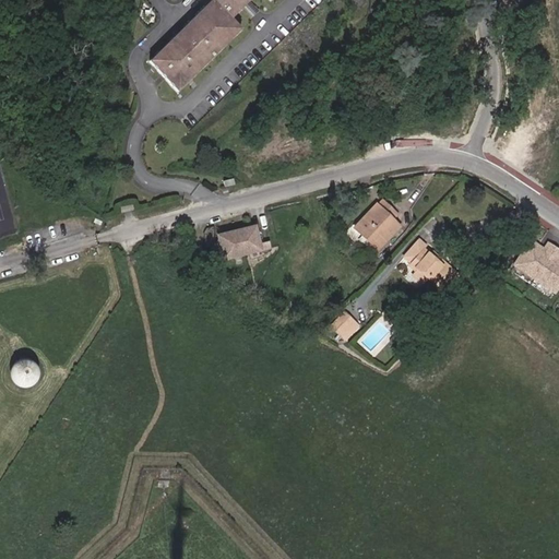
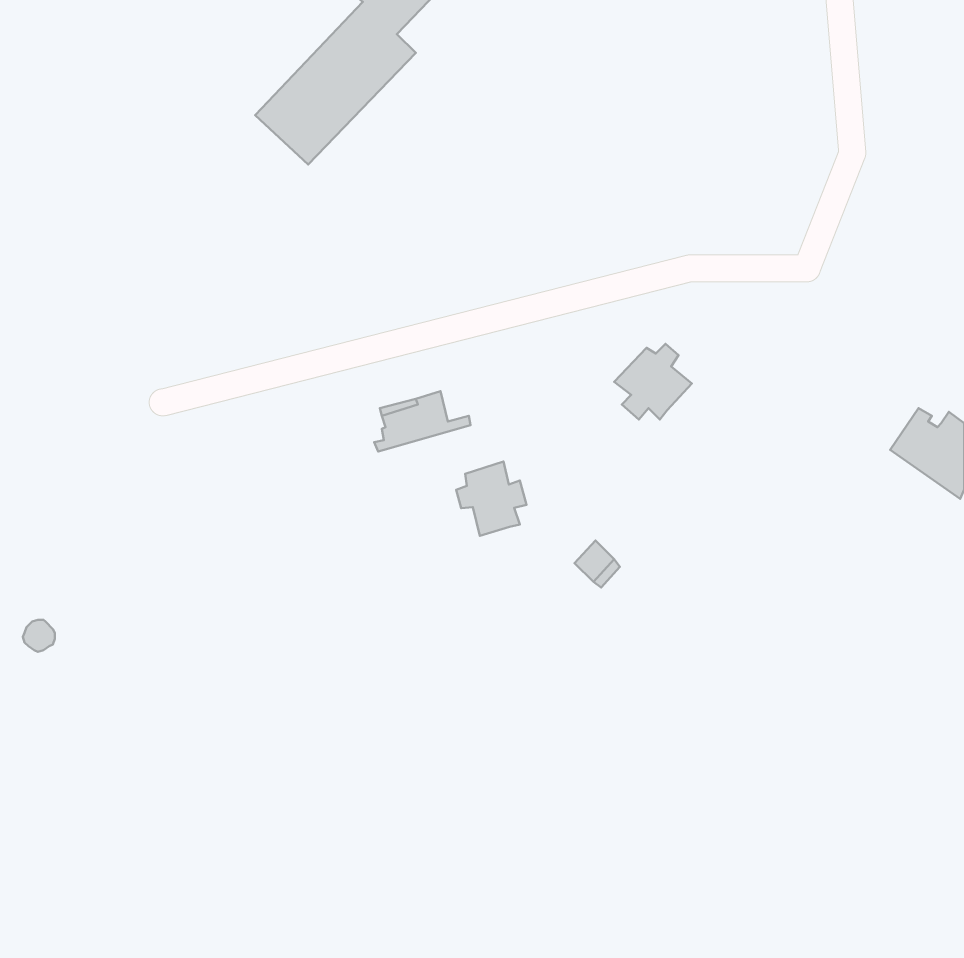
building: [405,239,460,288] -> none
building: none -> [456,461,527,536]

